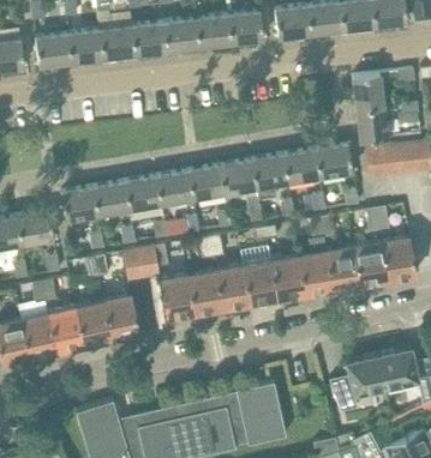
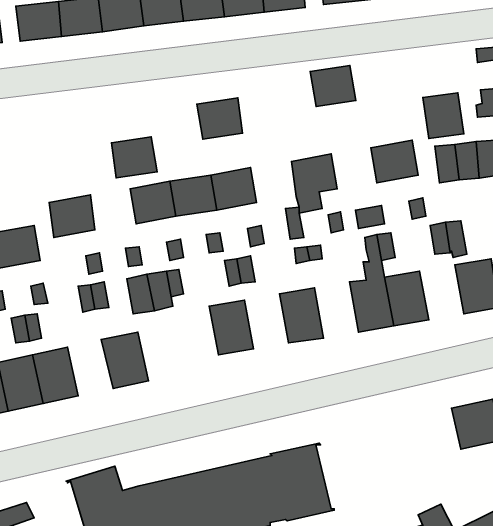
building: [352,74,383,110] -> none
building: [283,150,319,182] -> [310,65,356,107]
building: [220,161,256,193] -> [197,98,243,139]
building: [94,182,130,215] -> [111,137,157,178]
building: [353,242,388,285] -> none
building: [270,255,305,300] -> none
building: [215,265,250,308] -> none
building: [160,275,194,318] -> none
building: [76,301,112,345] -> none
building: [329,355,387,411] -> none

